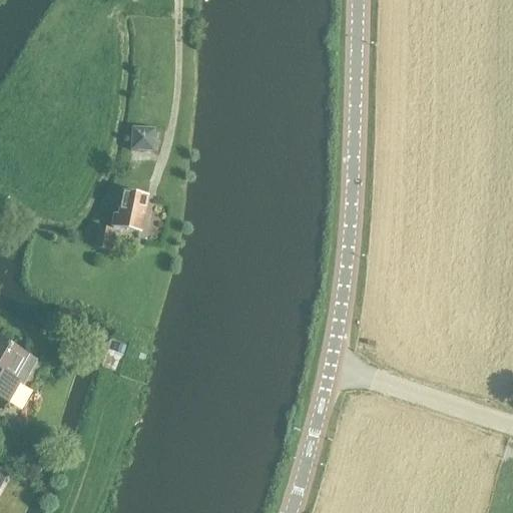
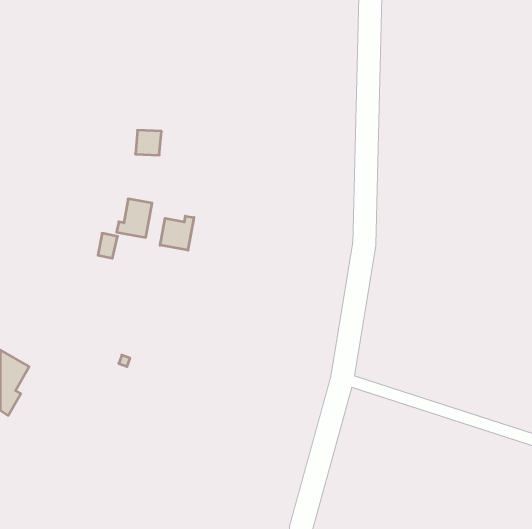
building: none -> [160,216,194,250]

